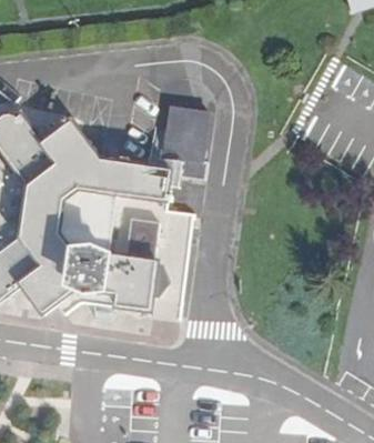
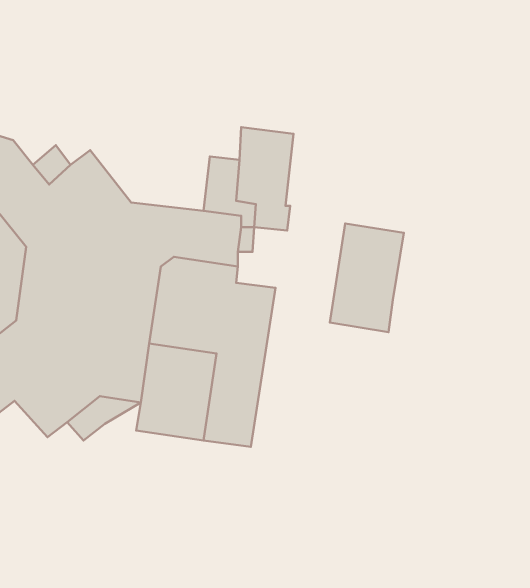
building: none -> [330,223,404,332]

